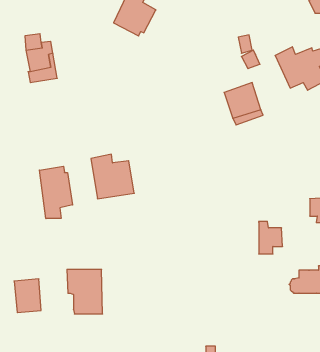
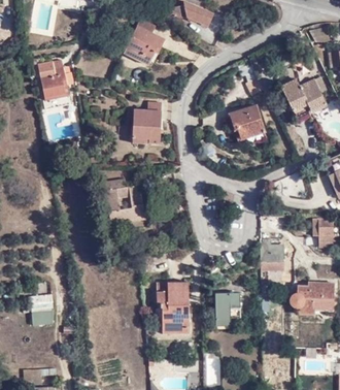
building: none -> [132,102,160,141]
building: [39,166,73,219] -> none
building: [67,269,103,314] -> [151,282,185,324]
building: none -> [214,294,239,326]

